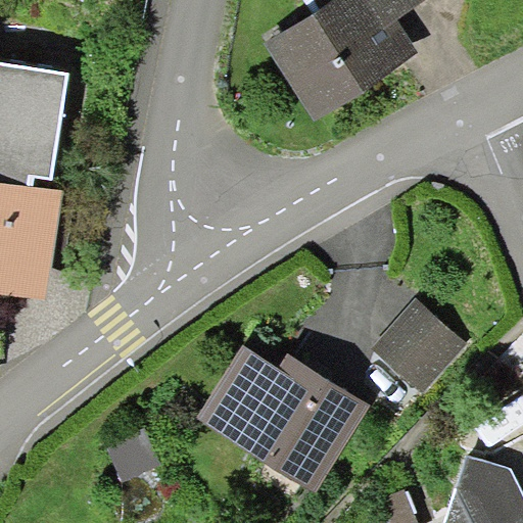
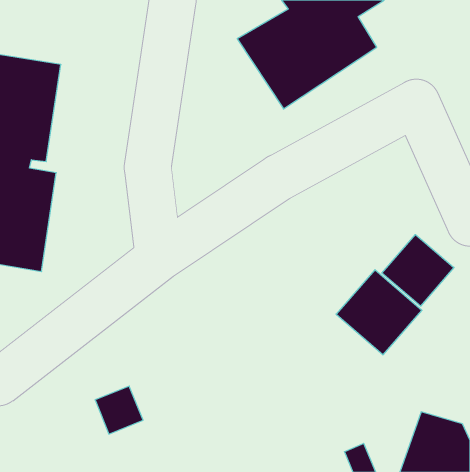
building: none -> [382,235,454,306]
building: [194,343,368,491] -> none

